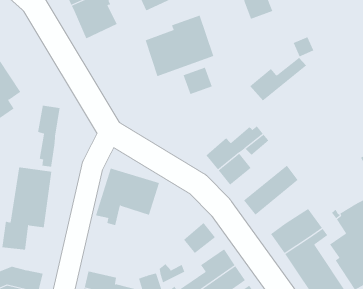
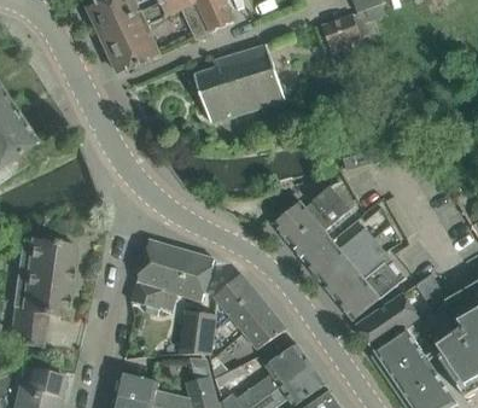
building: [250,57,307,101] -> [304,226,378,282]
building: [183,67,213,95] -> none
building: [37,105,60,168] -> none
building: none -> [337,256,408,321]
building: none -> [214,274,270,333]
building: none -> [180,310,216,355]

